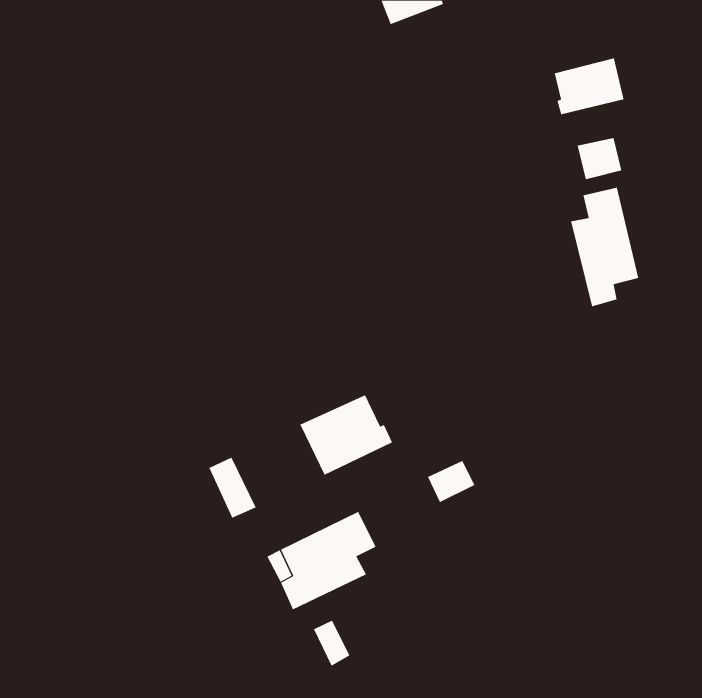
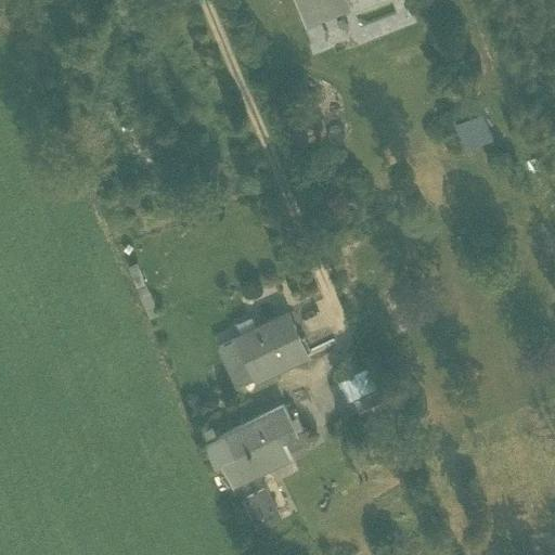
building: [554,57,624,115] -> none
building: [570,187,639,307] -> none
building: [208,457,256,519] -> [218,338,256,387]

